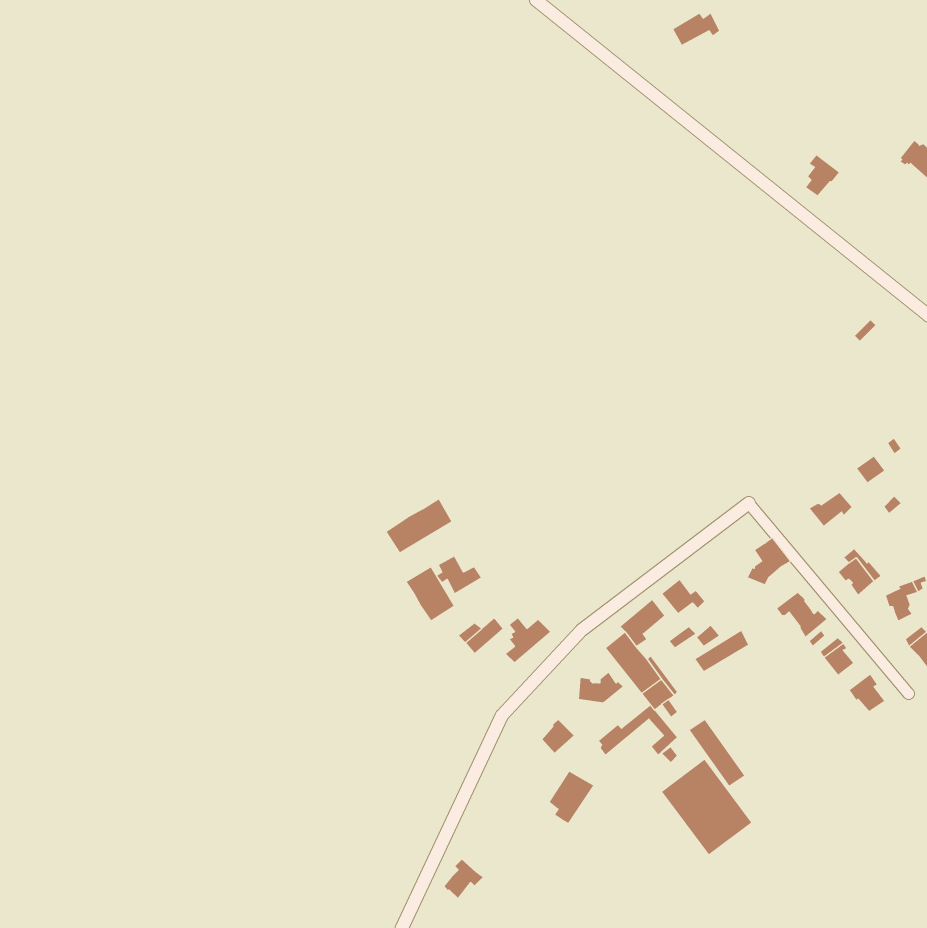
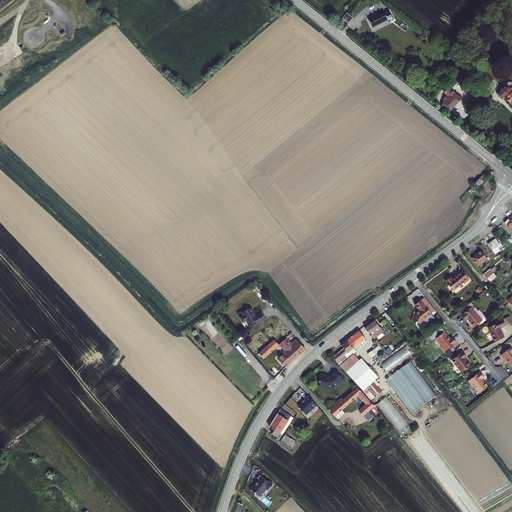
building: [386,499,452,553] -> none
building: [406,567,454,621] -> none
building: [661,759,752,855] -> [386,361,436,414]
building: [549,771,594,824] -> [270,409,295,438]

